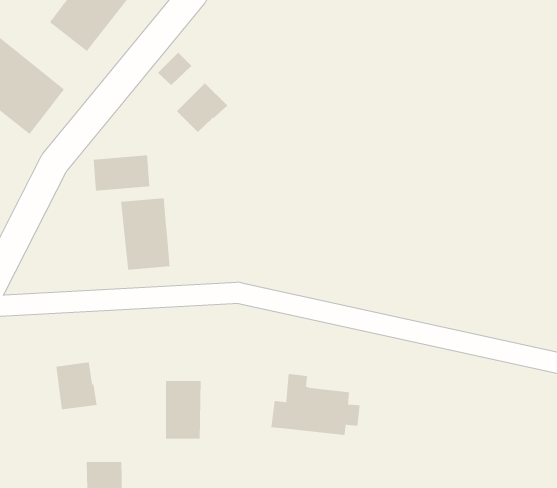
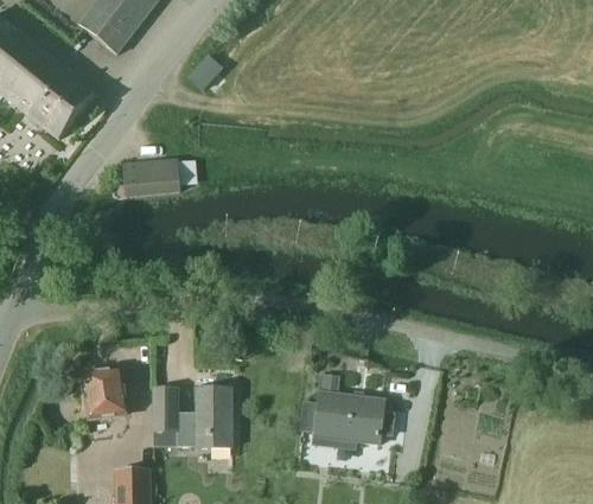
building: [176,83,228,133] -> none
building: [120,197,170,270] -> none
building: none -> [152,388,195,447]

